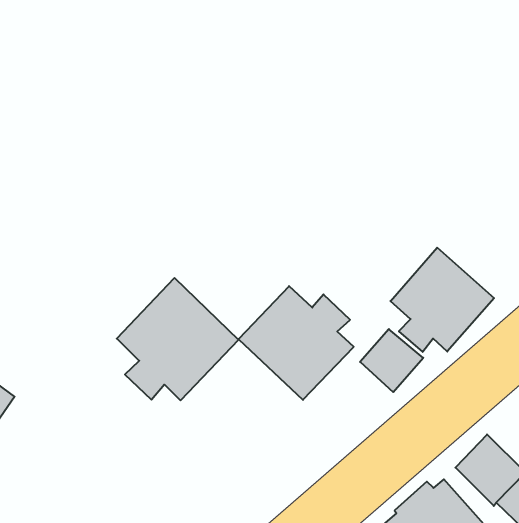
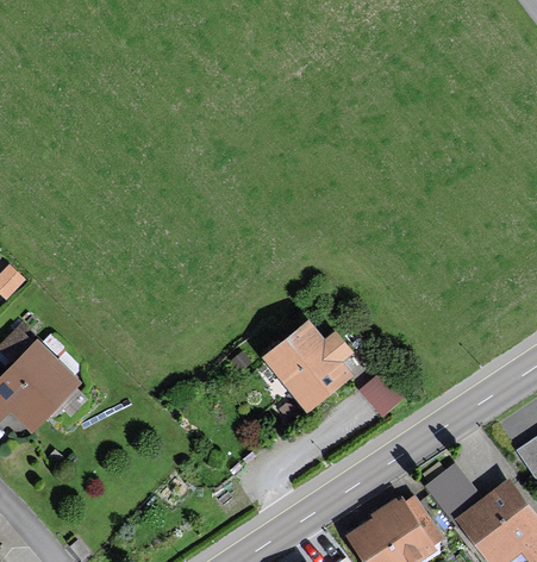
building: [390,248,494,352] -> none
building: [117,278,238,400] -> none

